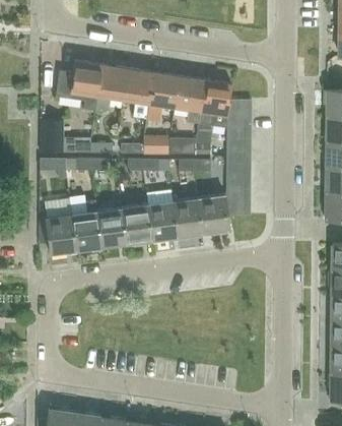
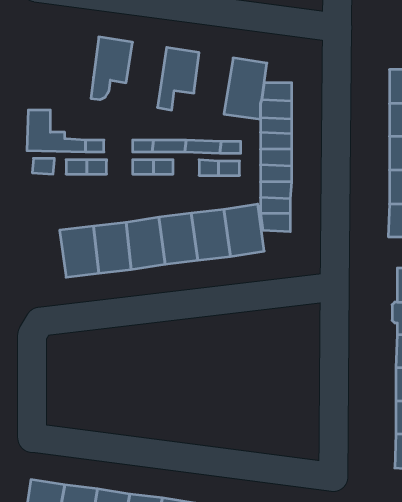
building: [55,60,99,111] -> none
building: [121,67,152,118] -> none
building: [174,75,204,123] -> none
building: [43,214,74,254] -> none

